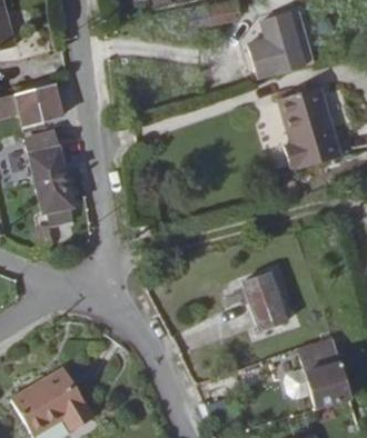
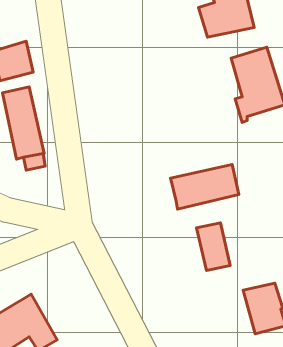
building: none -> [170,165,239,209]

